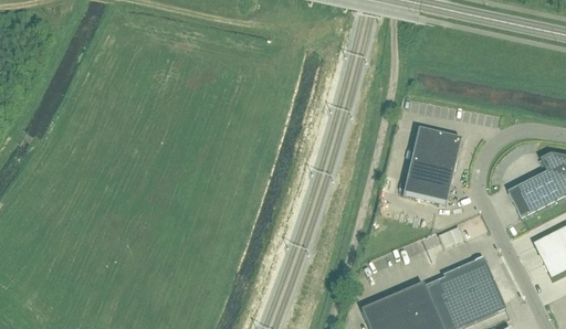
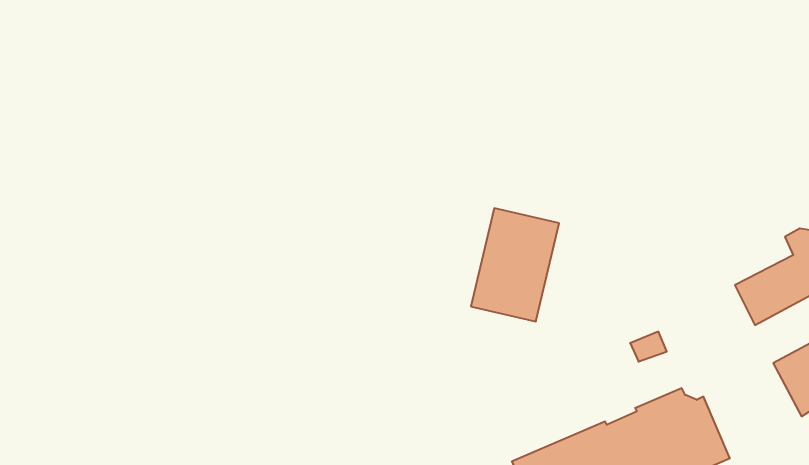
building: [402,127,461,202] -> [471,208,559,321]

